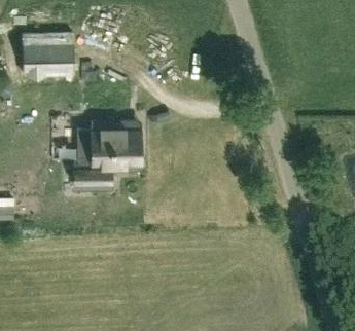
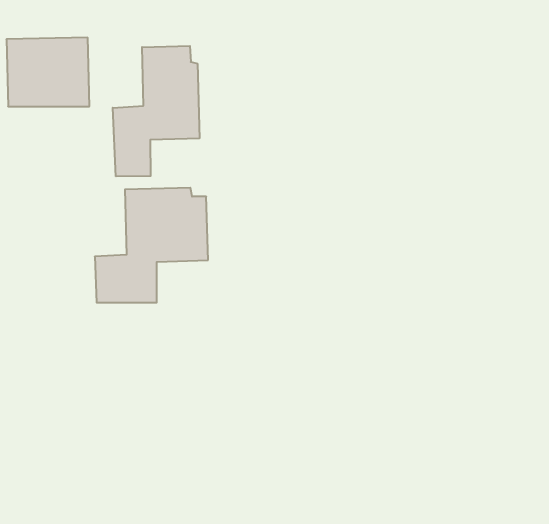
building: none -> [113,46,199,176]

